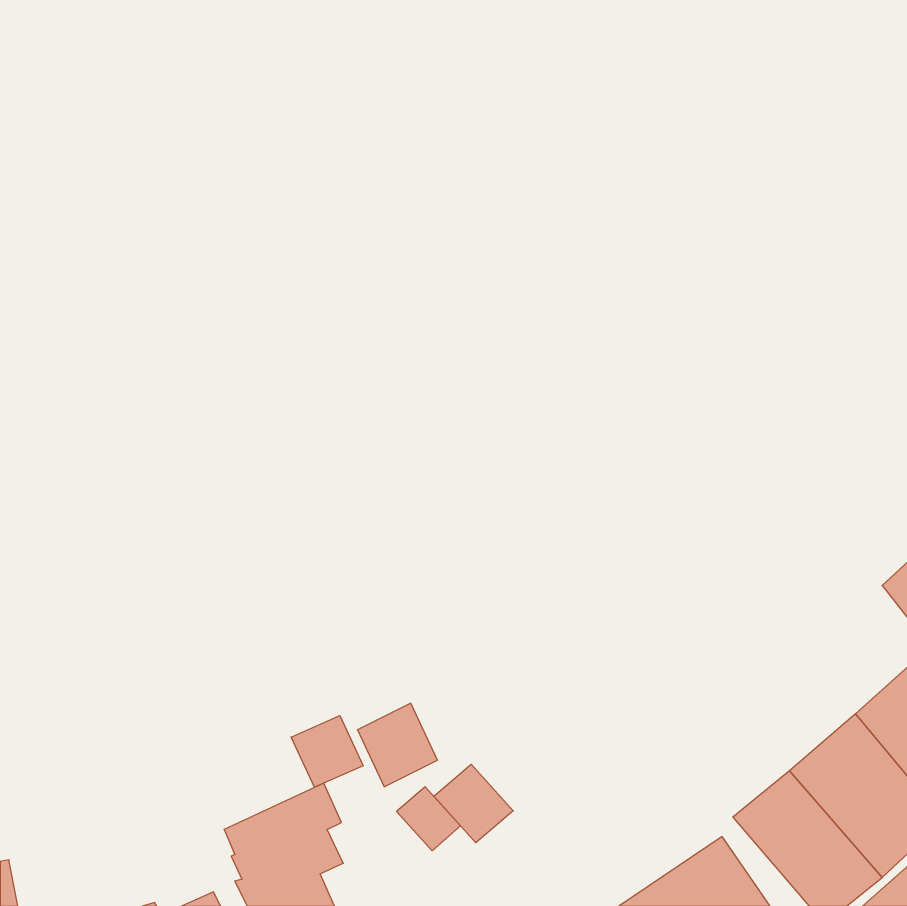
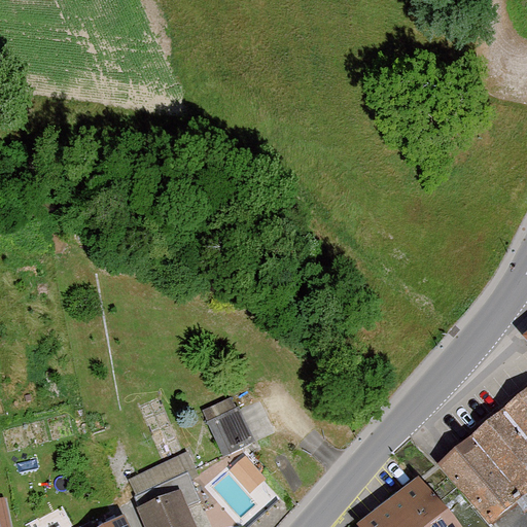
building: [291,716,363,787] -> none
building: [434,764,513,843] -> none

